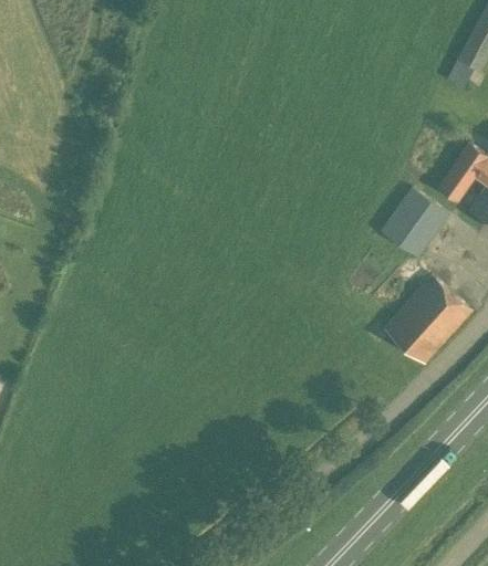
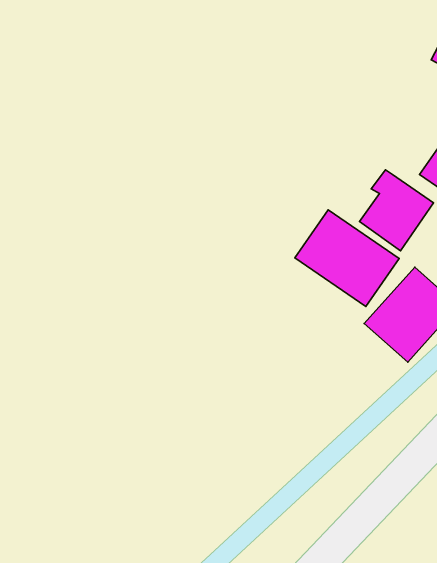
building: none -> [295,210,399,307]

